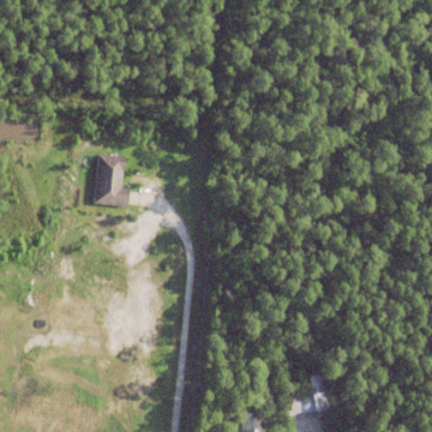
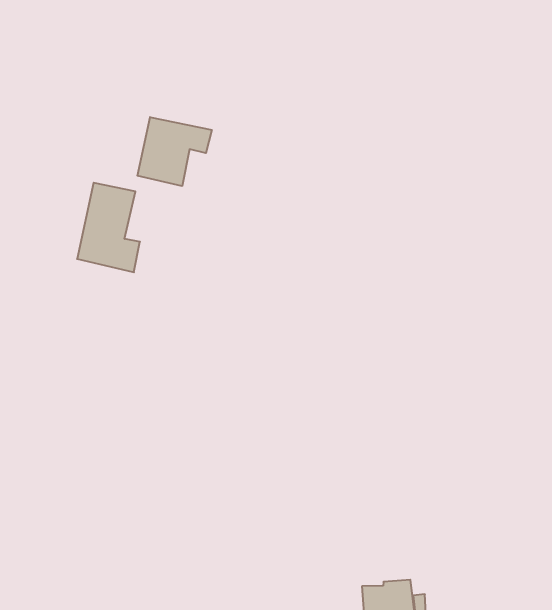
building: none -> [137,117,212,186]

